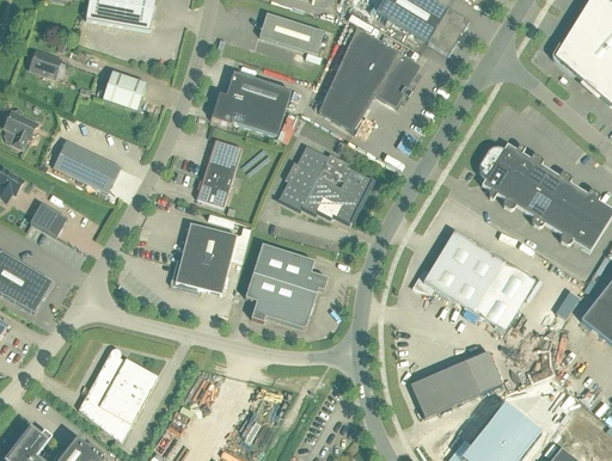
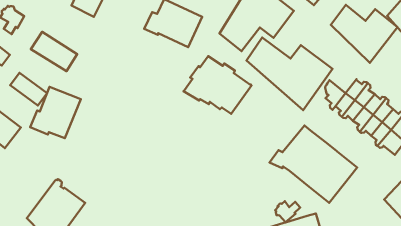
building: none -> [331,5,397,63]
building: none -> [247,37,333,110]
building: [196,140,241,207] -> none
building: [483,143,525,173] -> none
building: [170,223,237,294] -> [30,87,81,138]
building: [245,244,328,328] -> none
building: none -> [275,201,300,222]

